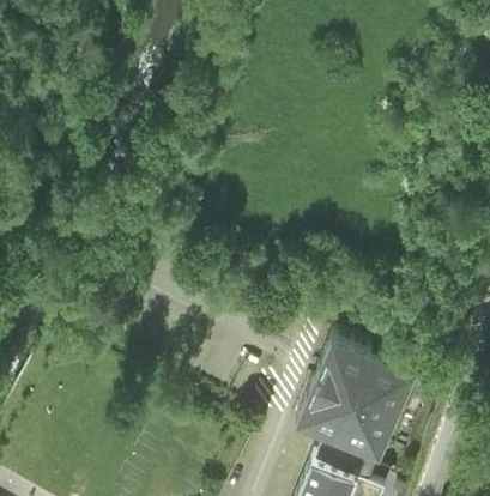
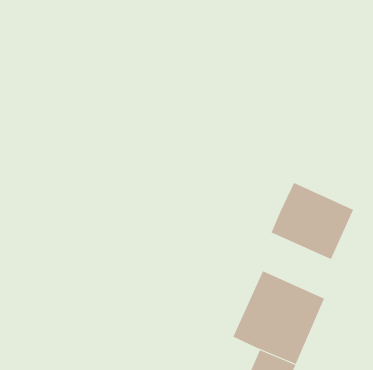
building: none -> [271,182,354,260]

